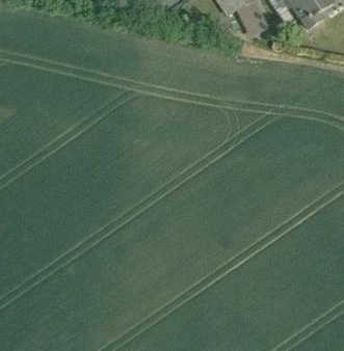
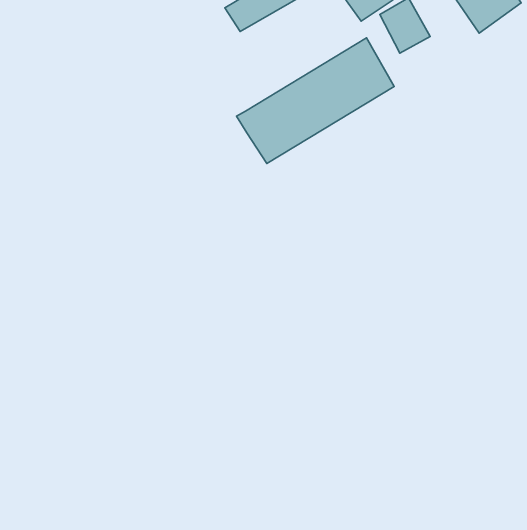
building: none -> [237,38,394,164]

